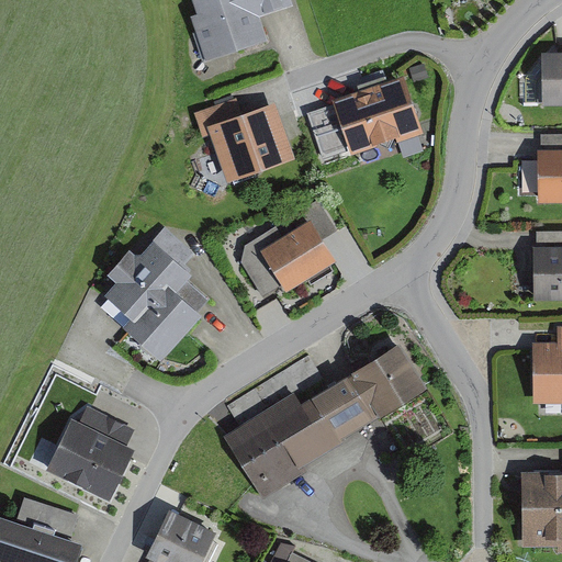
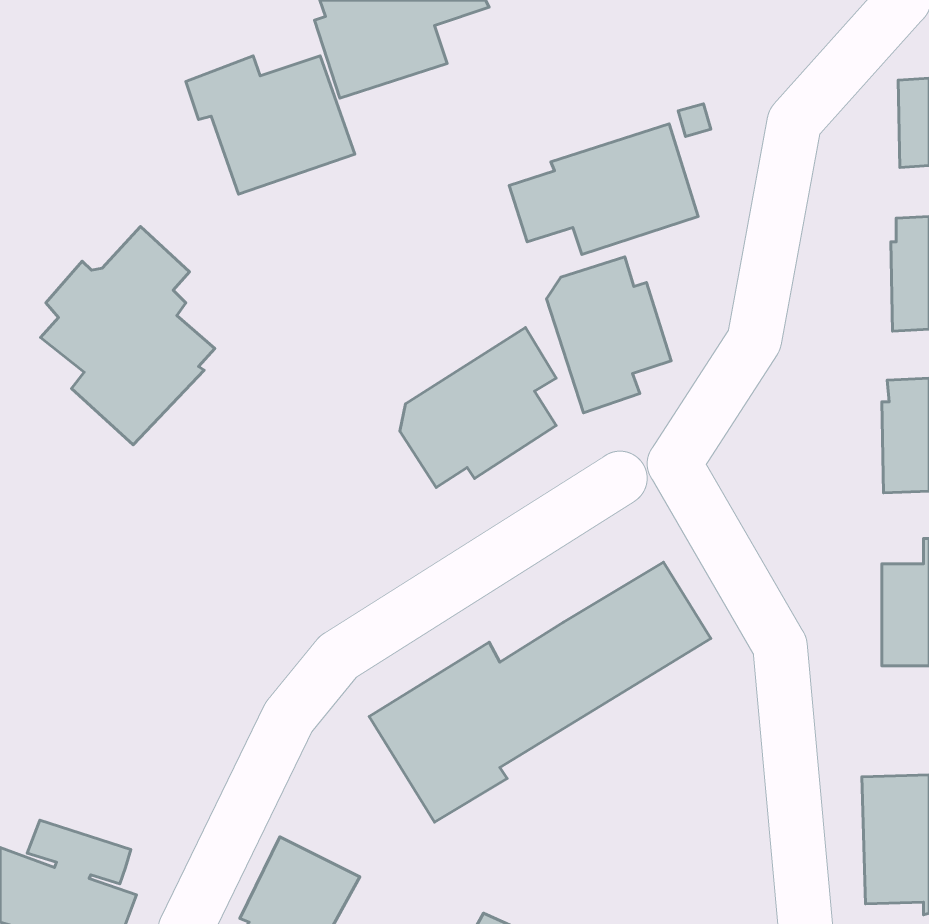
building: [195,100,297,183] -> [186,56,355,194]
building: none -> [547,257,671,413]
building: [104,228,210,360] -> [40,226,215,445]
building: [45,409,136,502] -> none

